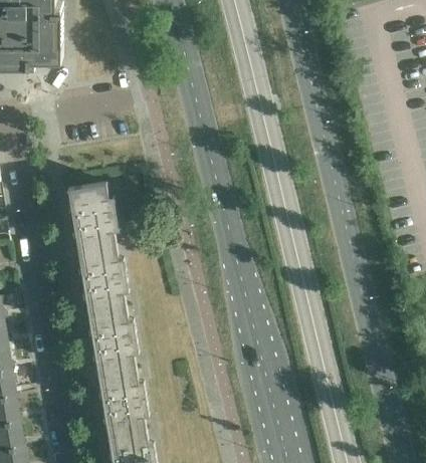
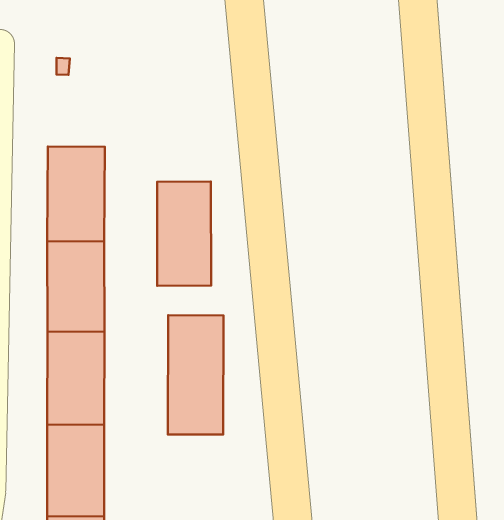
building: none -> [157,182,211,286]
building: none -> [168,315,223,435]

